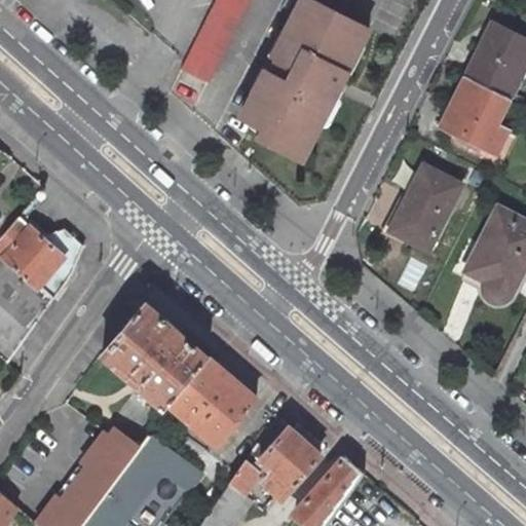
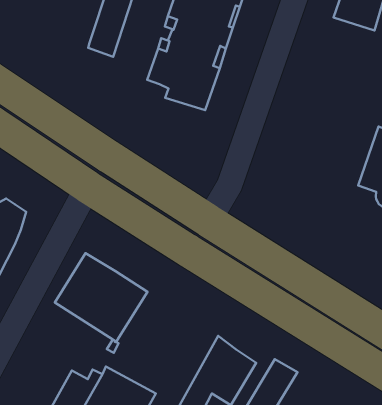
building: [439,76,508,149] -> none
building: [388,165,459,250] -> none
building: [166,358,254,445] -> none

